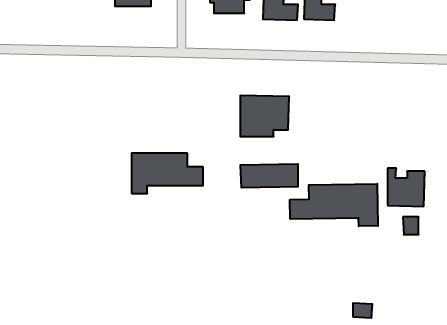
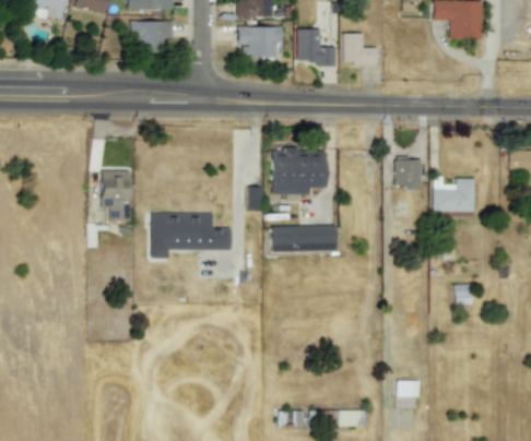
building: none -> [394,157,422,190]
building: none -> [102,170,131,219]
building: [388,168,425,206] -> [434,175,475,217]
building: [290,184,378,226] -> none

